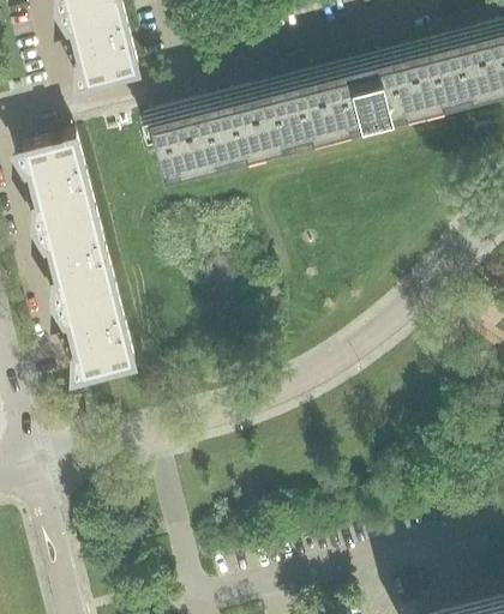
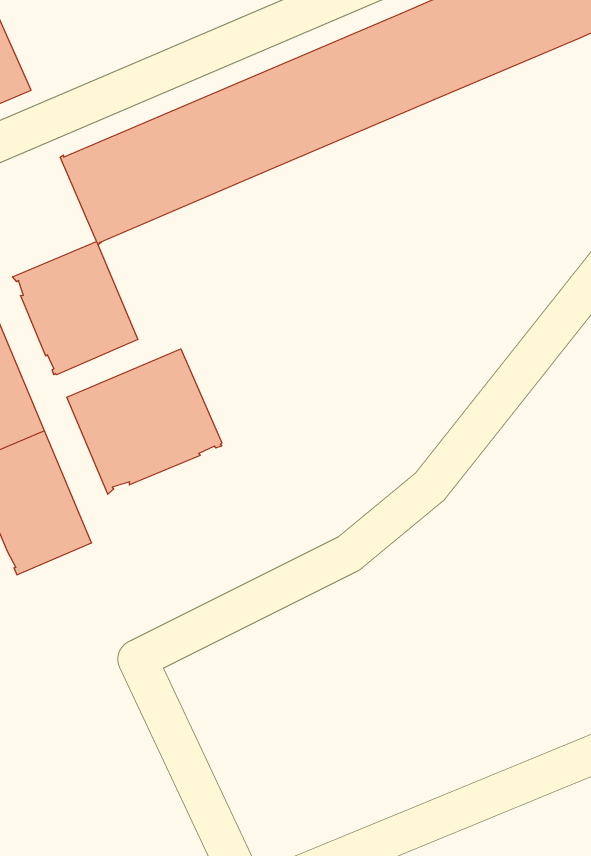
building: none -> [13,242,138,375]
building: none -> [67,349,222,494]

